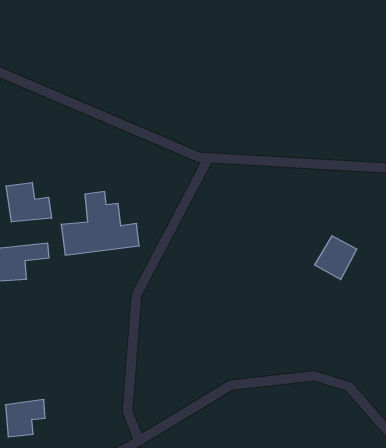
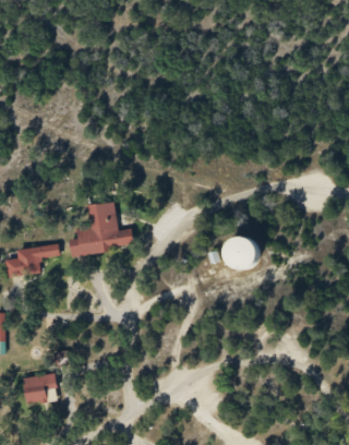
building: [6,182,52,222] -> none
building: [314,236,357,280] -> [224,236,258,272]

